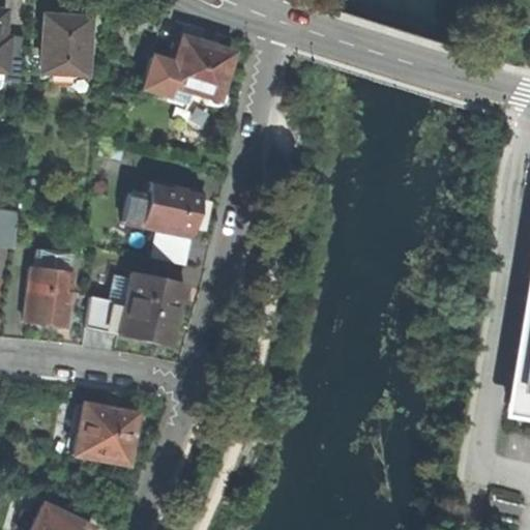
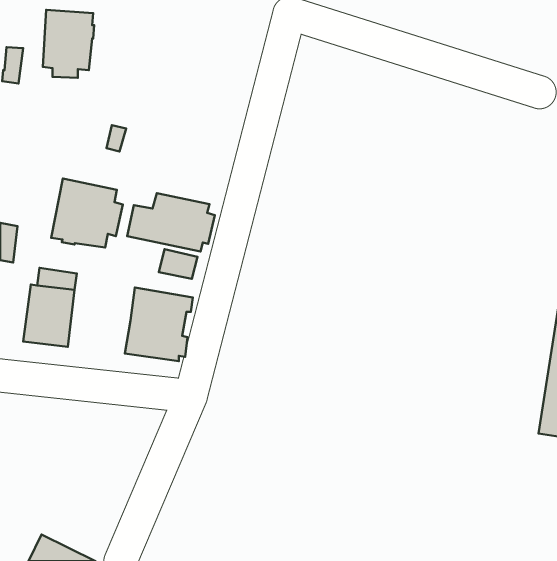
building: [142,38,232,106] -> none
building: none -> [51,178,123,248]
building: [86,297,126,333] -> none
building: [75,404,140,465] -> none

